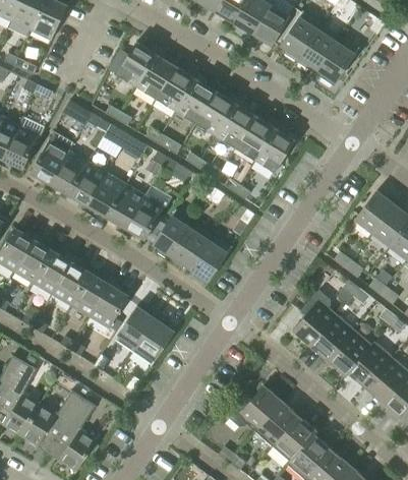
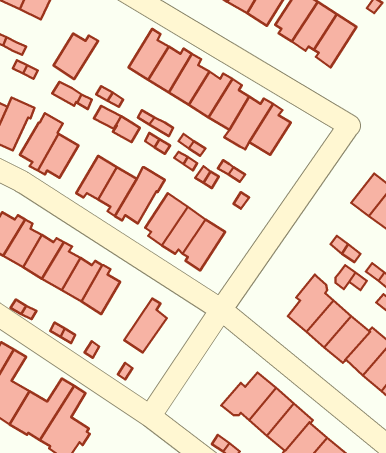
building: [116,43,160,87] -> [53,33,98,79]
building: [69,164,107,211] -> none
building: [113,306,160,354] -> none

